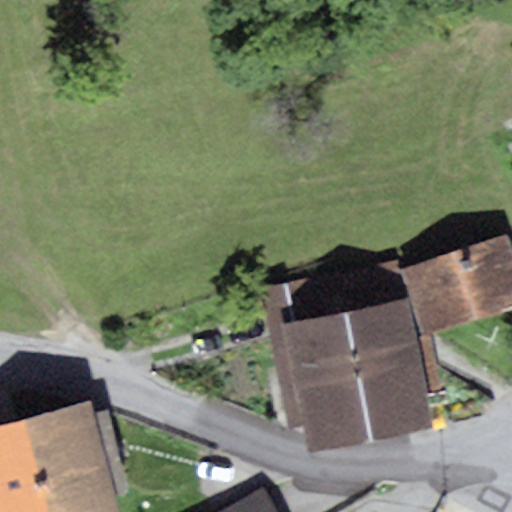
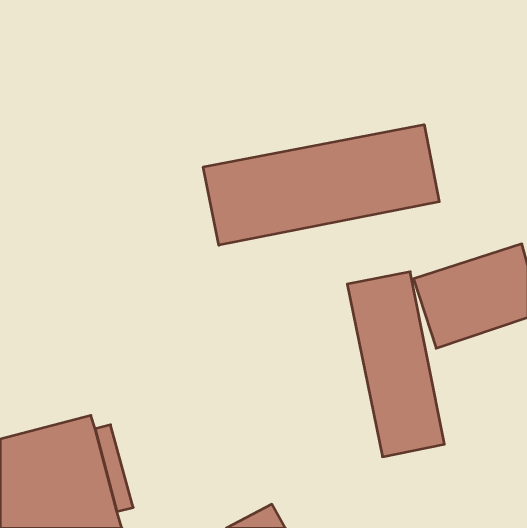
building: none -> [203,125,439,245]
building: [257,275,371,454] -> none

